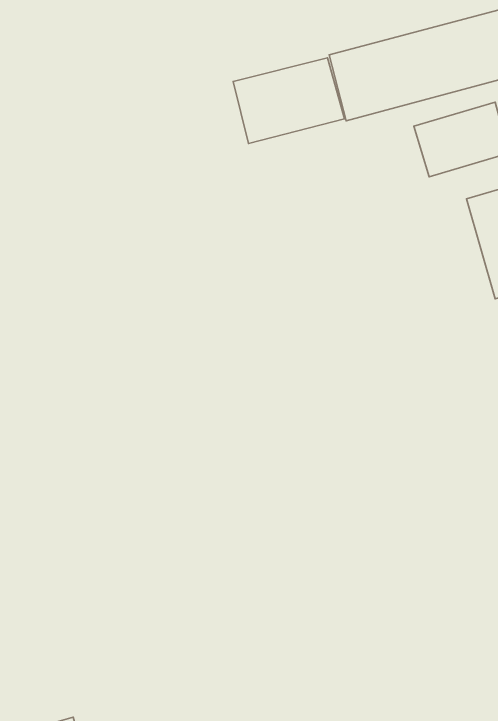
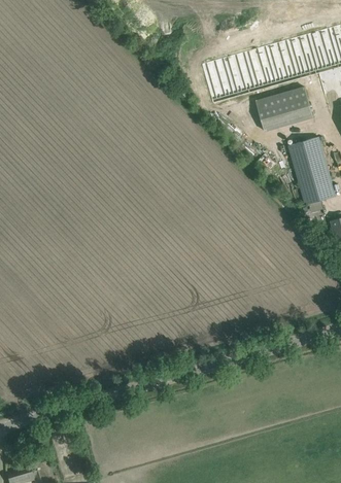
building: [233,58,345,143] -> none

